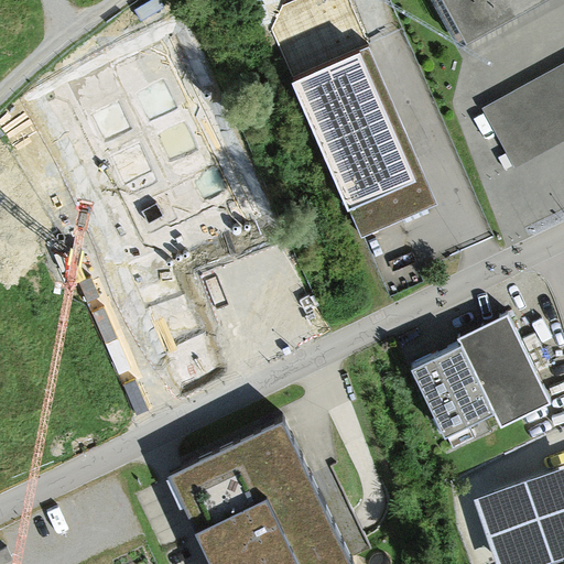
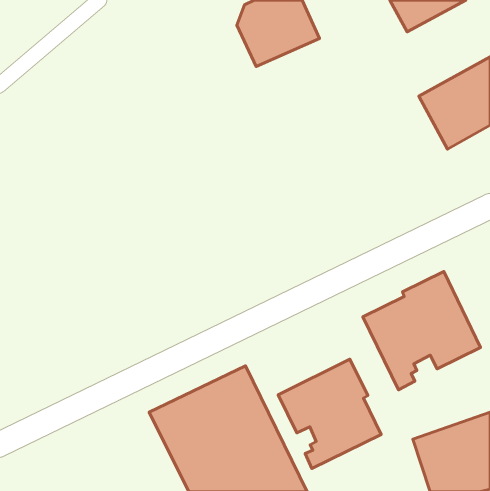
building: [290,51,434,237] -> none
building: none -> [278,359,381,468]

